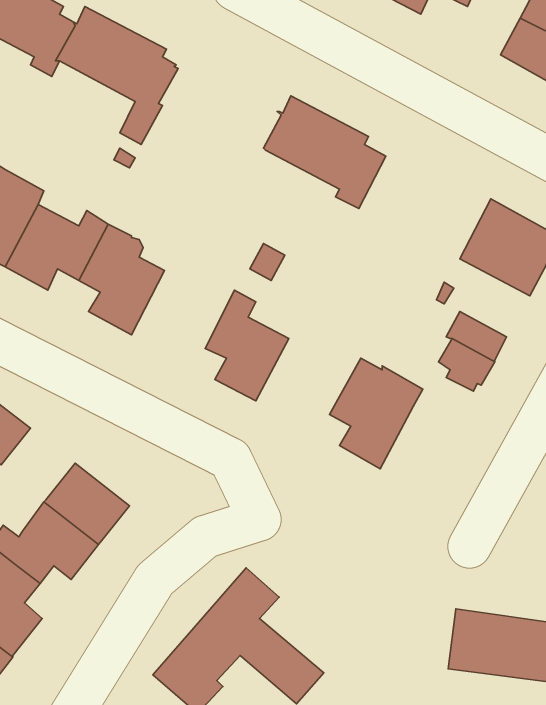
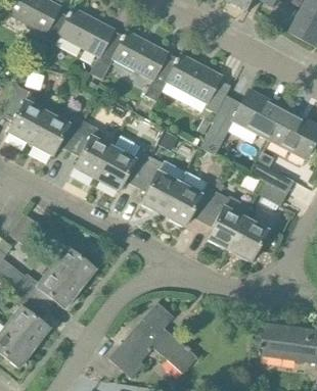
building: none -> [110,31,175,102]
building: none -> [199,89,285,155]
building: none -> [96,146,150,191]
building: none -> [162,172,222,227]
building: none -> [227,217,268,261]

